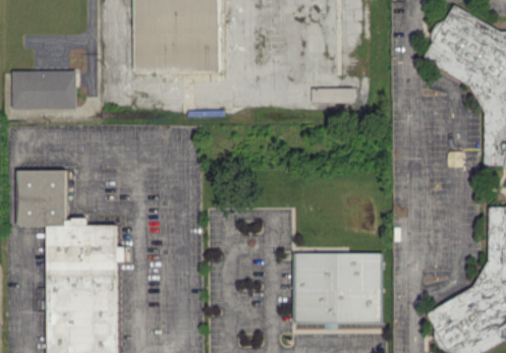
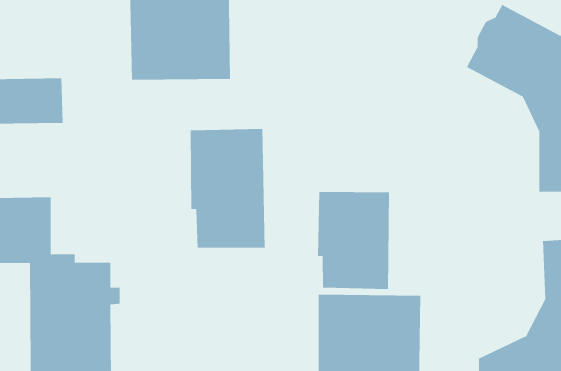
building: [312,87,353,104] -> none
building: none -> [190,128,265,249]
building: none -> [317,191,390,290]

